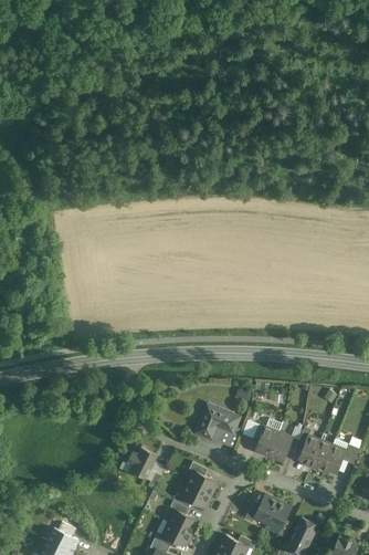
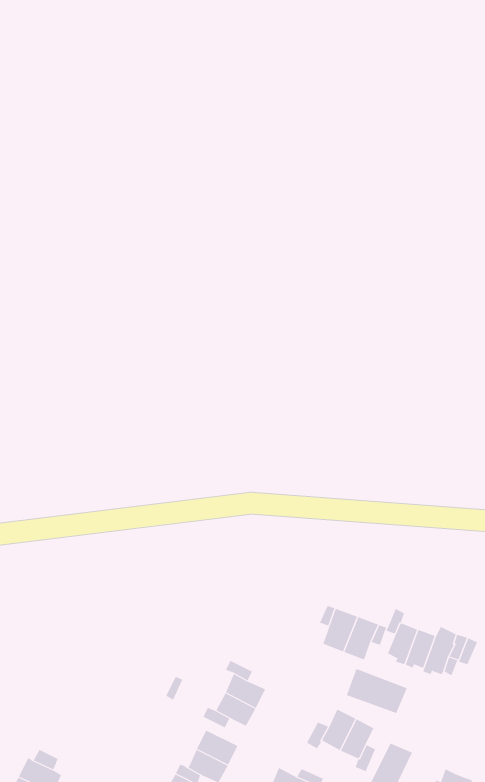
building: [194,405,241,442] -> none
building: [125,448,156,480] -> none
building: none -> [346,668,408,714]

